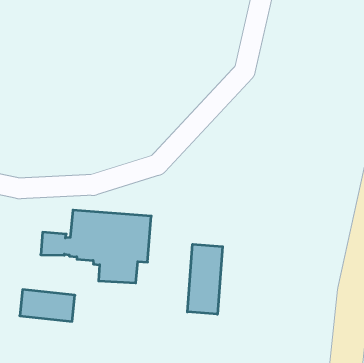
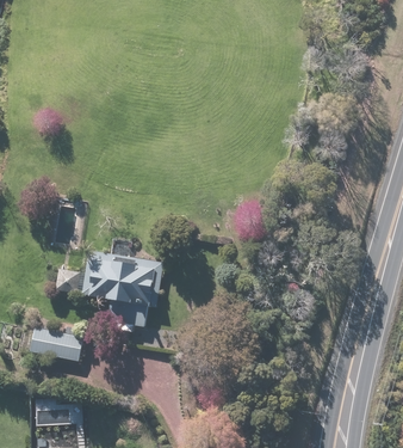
building: [187,244,223,314] -> none

